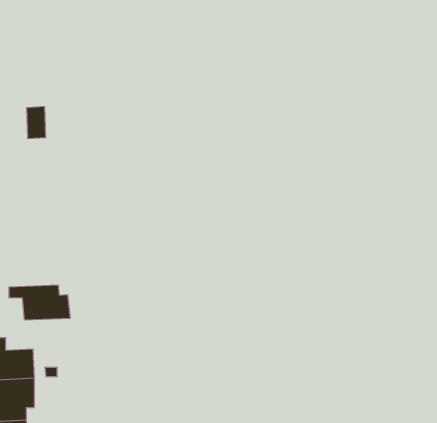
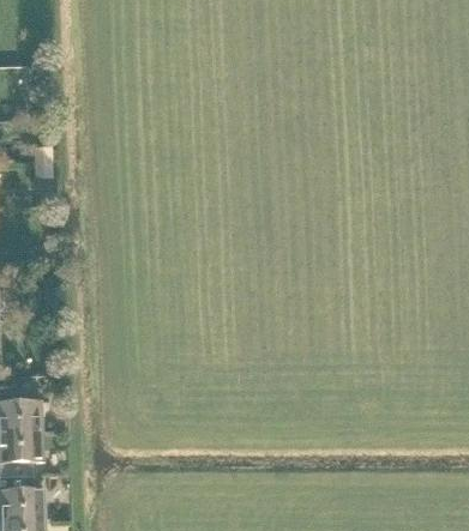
building: [9,285,70,320] -> none

